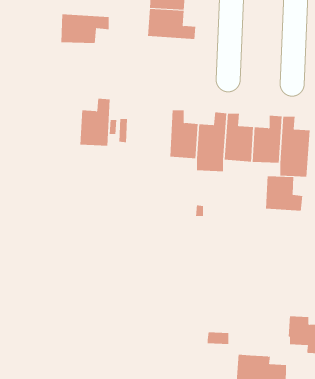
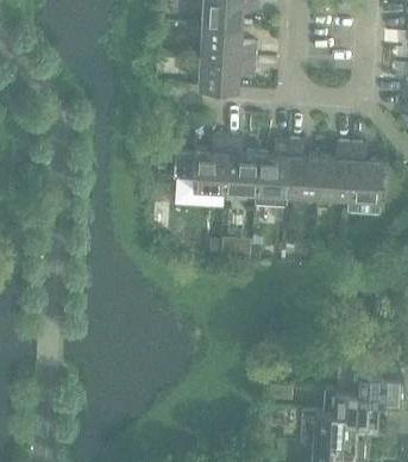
building: [60,14,110,44] -> [197,58,252,92]
building: [79,98,110,146] -> [192,139,226,193]
building: [265,175,303,212] -> none
building: none -> [334,393,377,435]

